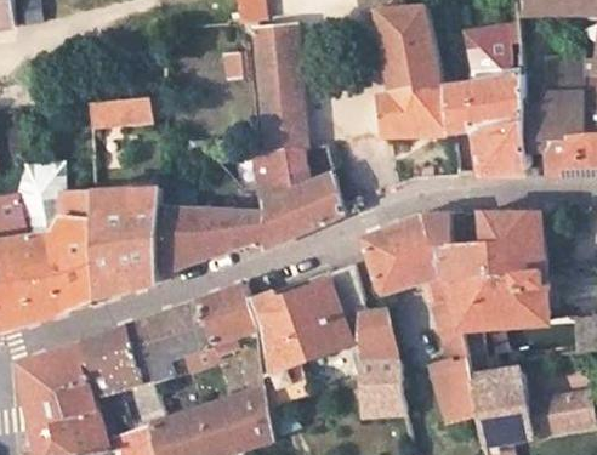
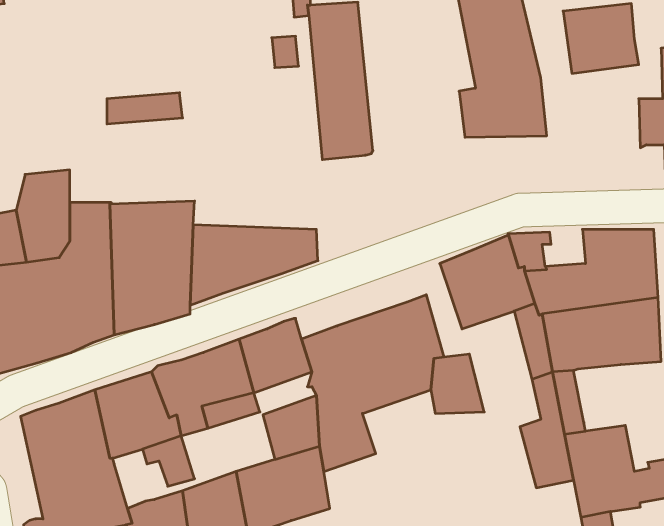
building: [445,76,528,175] -> none
building: [255,150,345,249] -> none
building: [359,360,404,416] -> none

